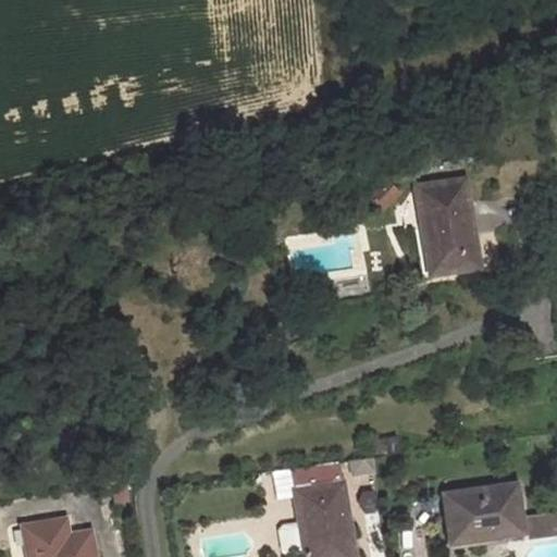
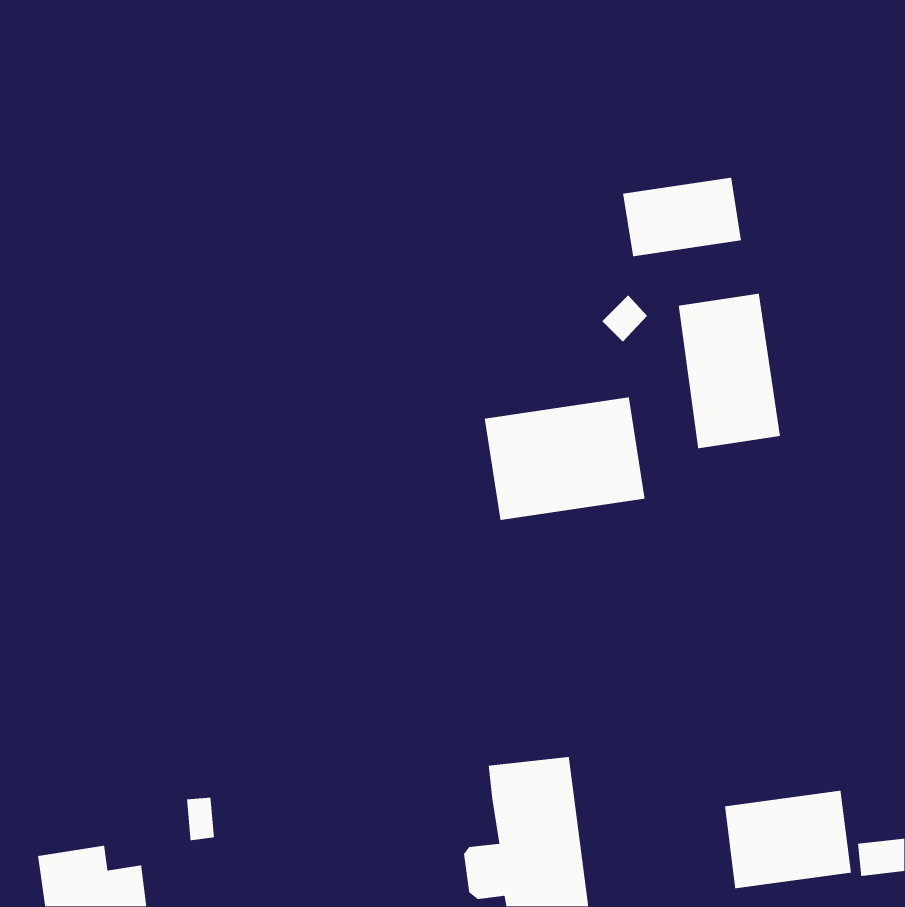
building: none -> [622,177,742,257]
building: none -> [484,397,646,521]

